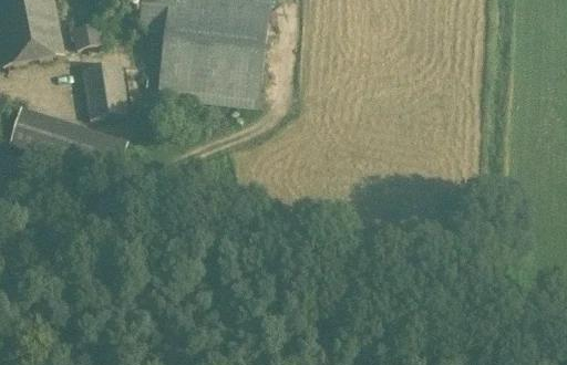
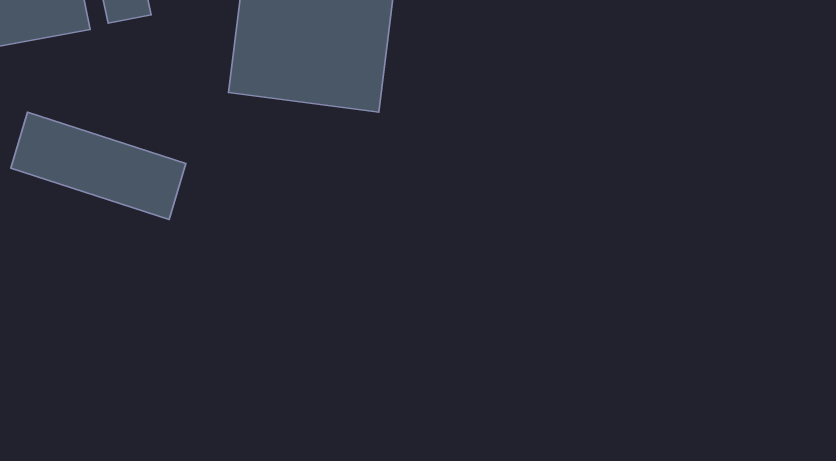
building: [82,60,128,116] -> none

